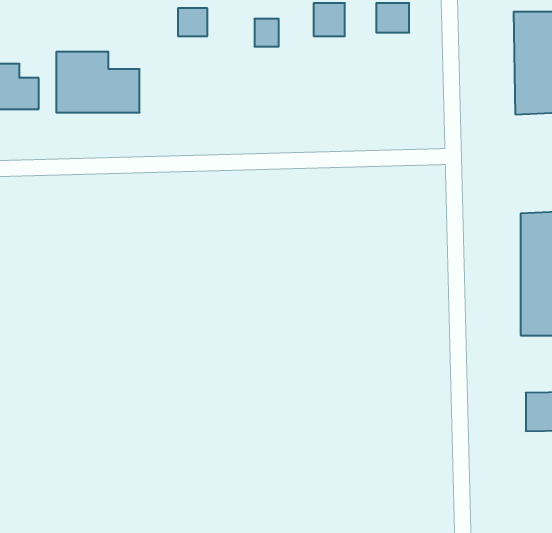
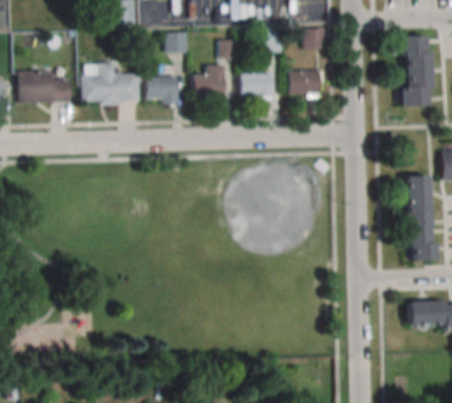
building: none -> [193,64,225,95]
building: none -> [288,69,324,95]
building: none -> [241,72,273,98]
building: none -> [145,75,178,103]

